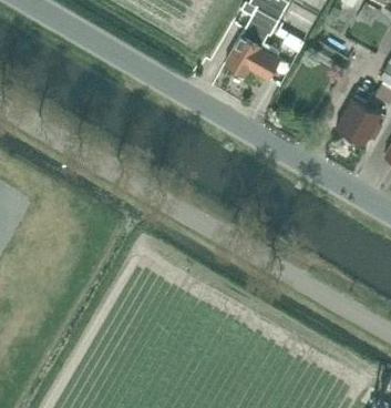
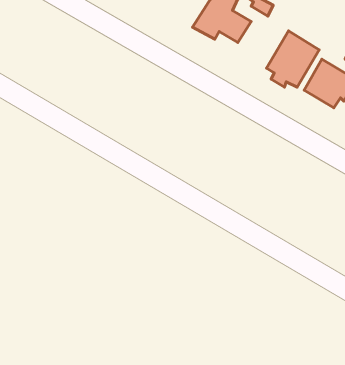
building: none -> [266,31,319,87]

